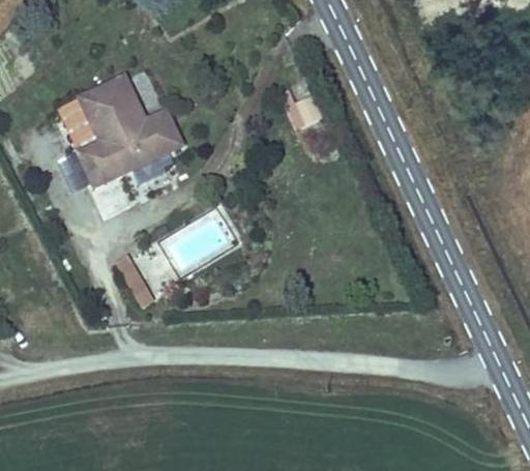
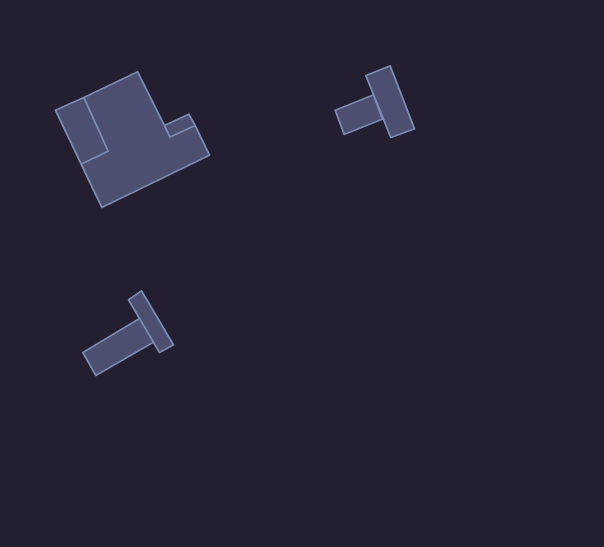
building: none -> [366,66,414,138]
building: none -> [83,319,153,375]

